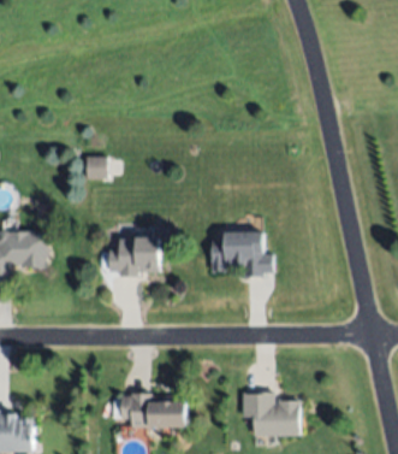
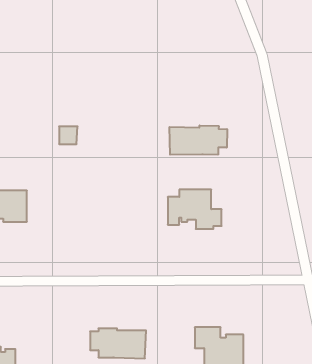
building: none -> [170,125,227,155]
building: [109,237,160,277] -> none

